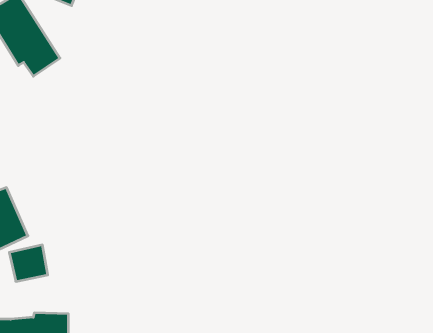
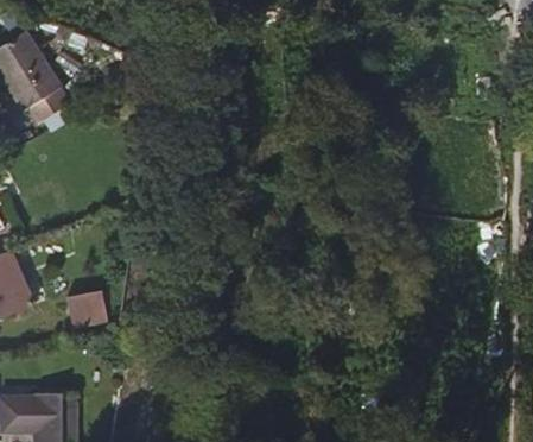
building: [9,245,48,281] -> [64,291,107,332]

